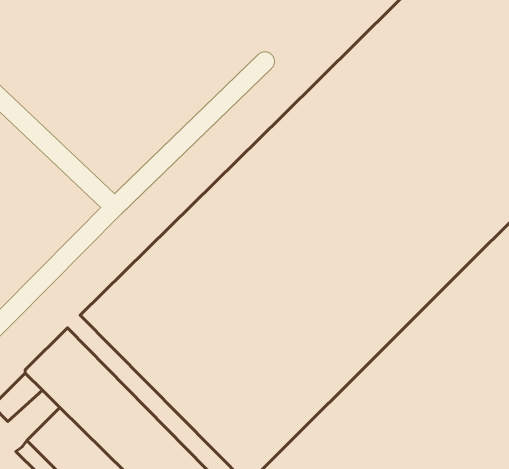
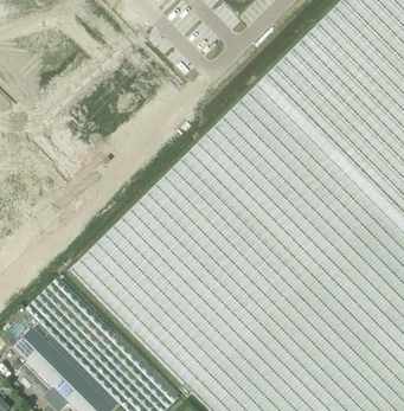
building: none -> [14,326,53,364]

